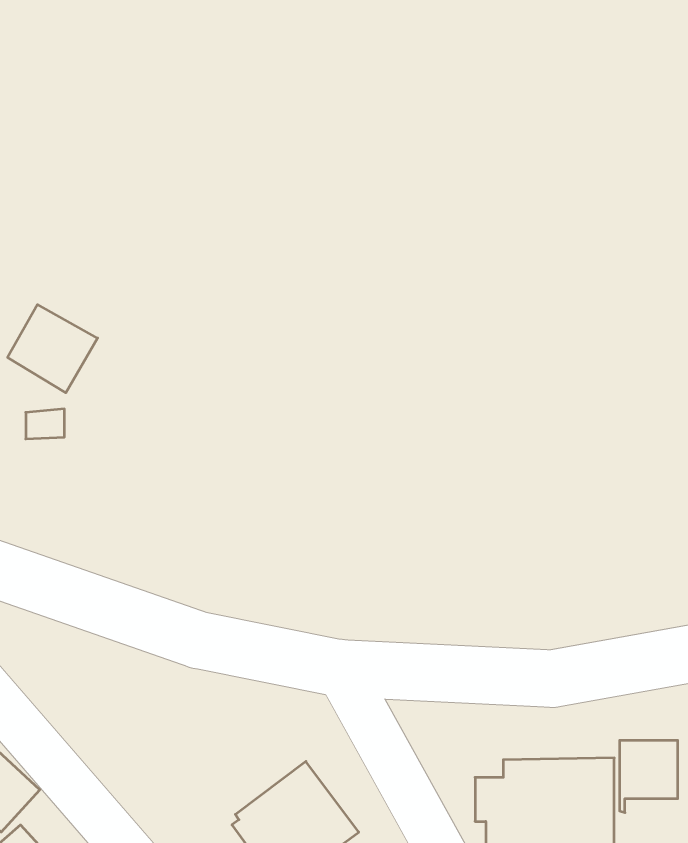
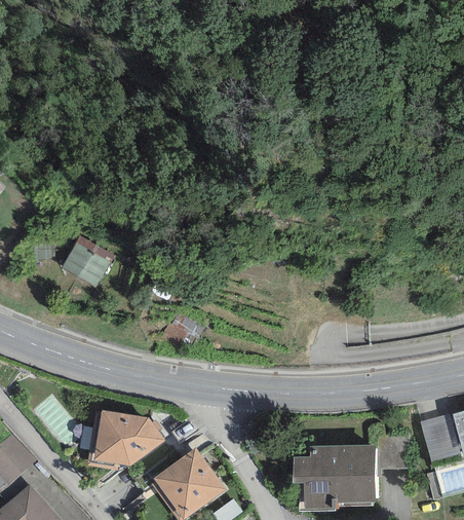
building: [8,305,98,393] -> [63,235,115,287]
building: none -> [87,410,166,470]

